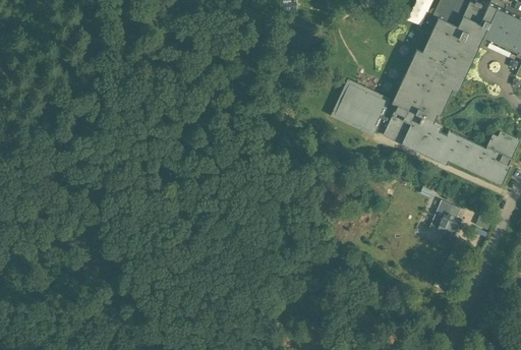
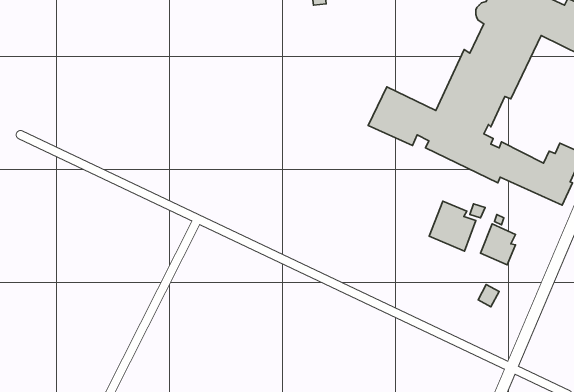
building: none -> [429,201,476,251]

